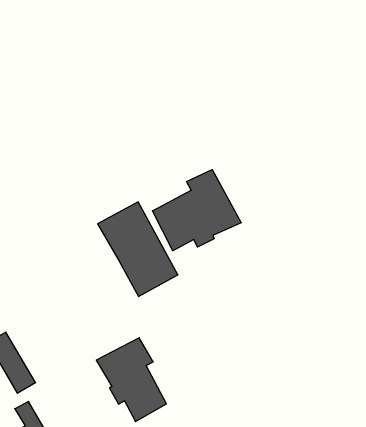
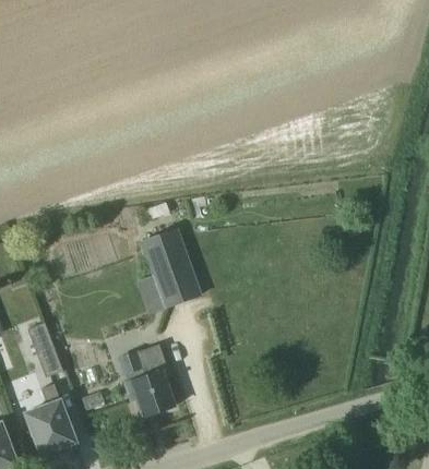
building: [153,170,241,251] -> none

